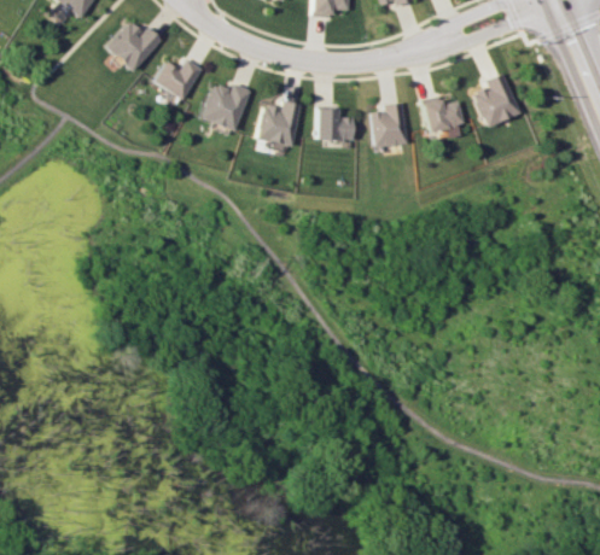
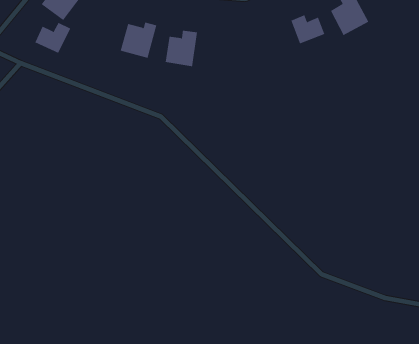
building: [155,59,203,99] -> [35,22,71,53]
building: [371,103,408,147] -> none
building: [316,107,354,141] -> none

